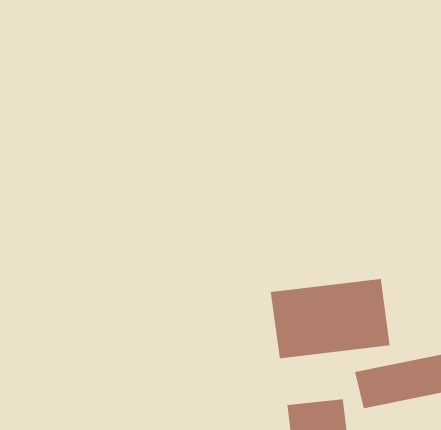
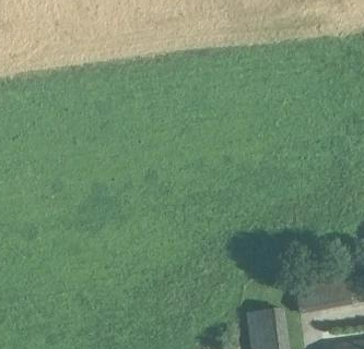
building: [270,278,391,359] -> none

